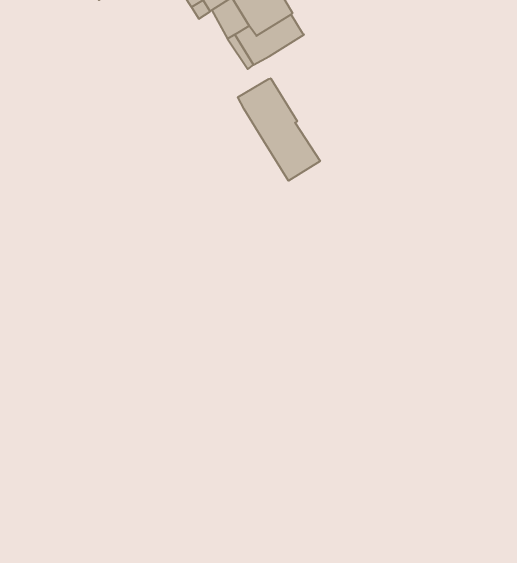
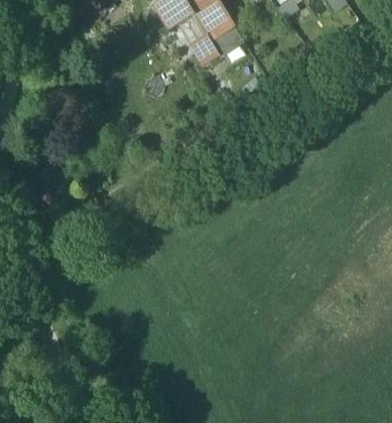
building: [238,78,320,181] -> none

